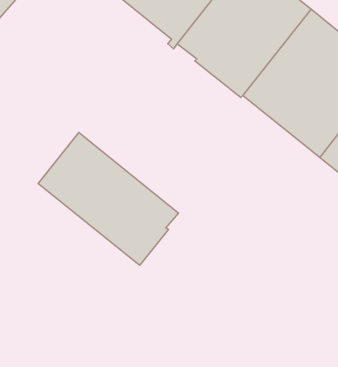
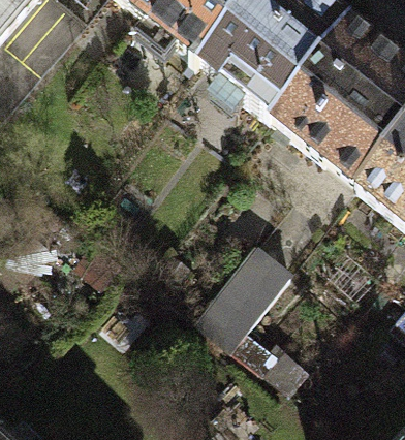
building: [38,132,178,265] -> none
building: none -> [196,247,292,350]

